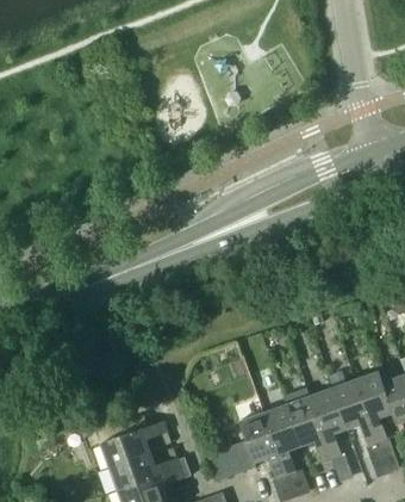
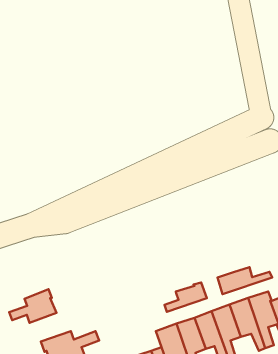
building: none -> [217,267,272,294]
building: none -> [165,282,207,312]
building: none -> [9,289,56,323]

